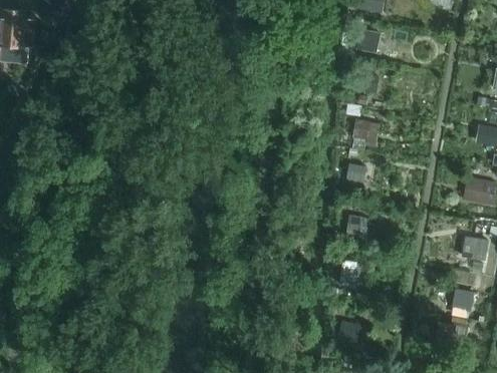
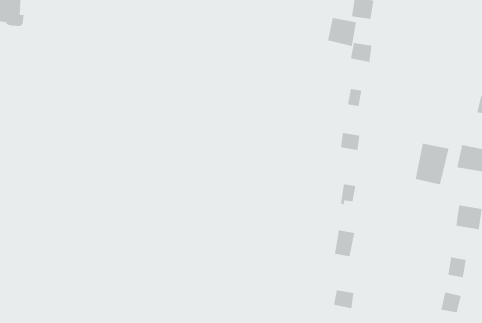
building: none -> [328,17,357,47]
building: none -> [415,143,449,185]

